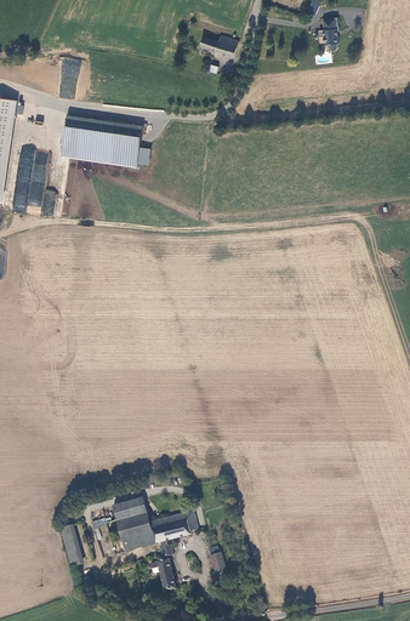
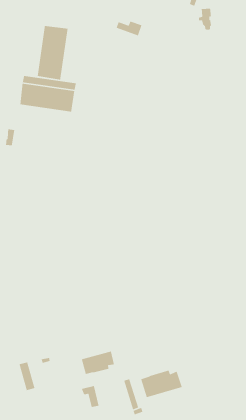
building: none -> [37,25,68,81]
building: [113,497,155,553] -> none
building: none -> [140,369,183,398]

